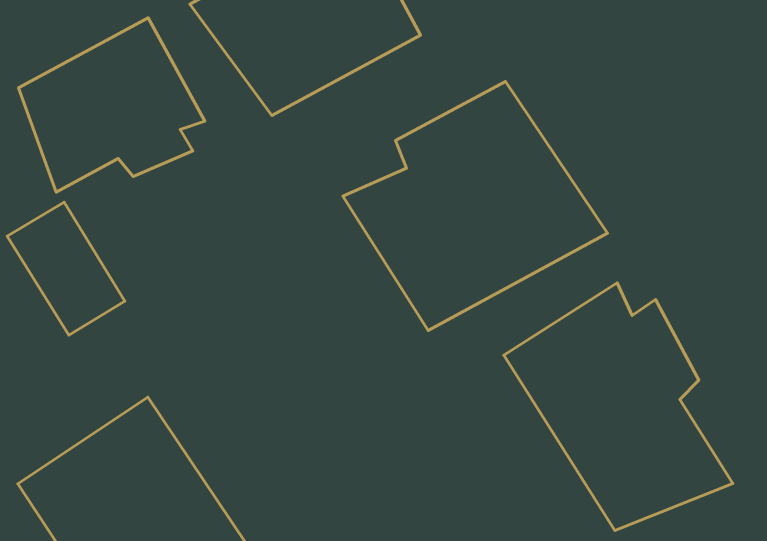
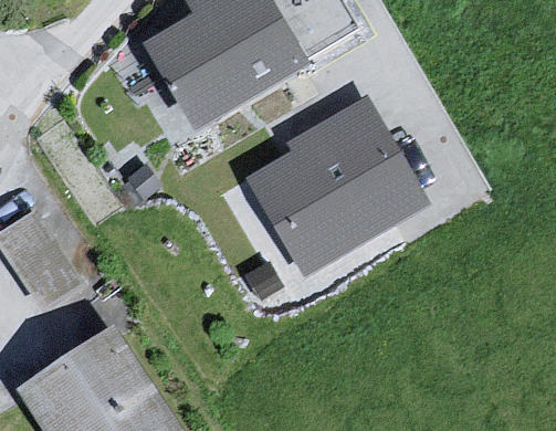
building: [19,18,205,192] -> none
building: [504,283,733,531] -> none

